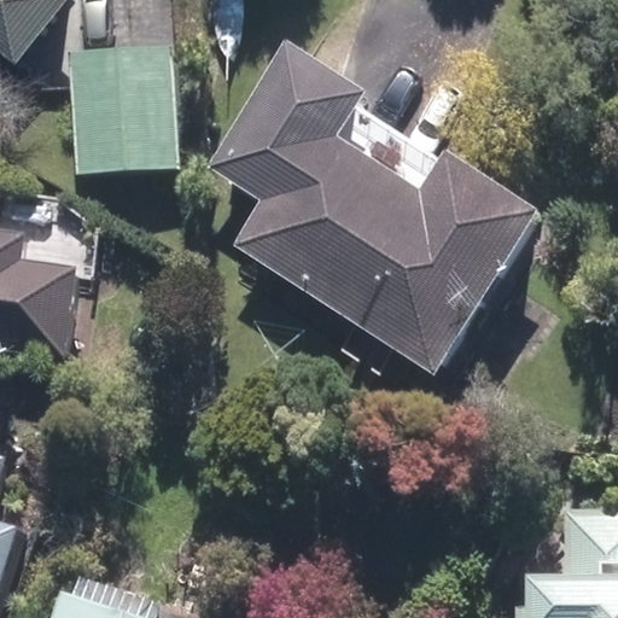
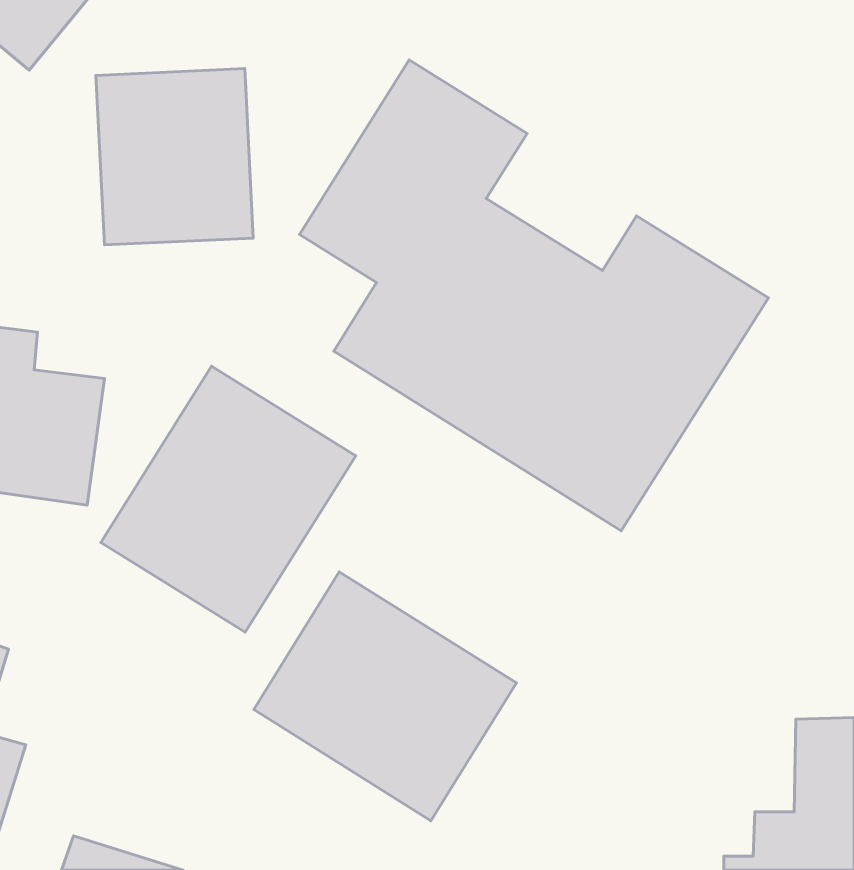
building: none -> [101,366,356,632]
building: none -> [254,572,516,821]

